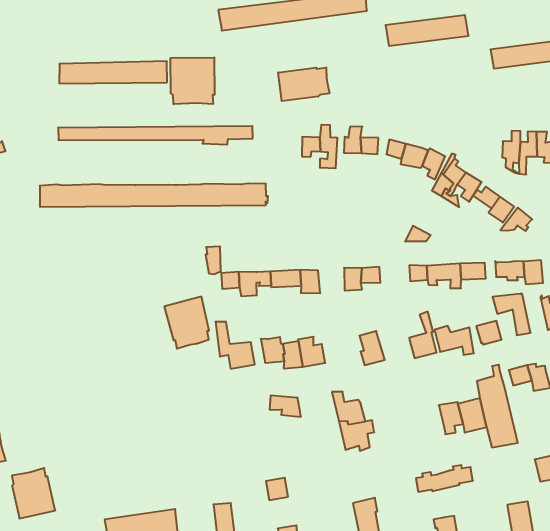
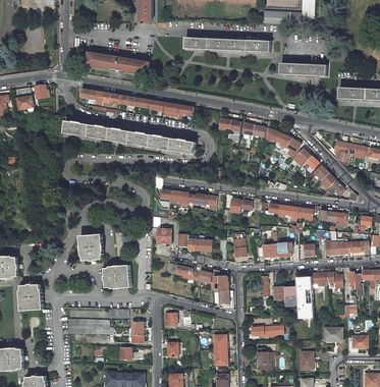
building: [171,57,215,104] -> none
building: [278,67,329,101] -> none
building: [164,297,209,349] -> [78,233,102,261]
building: none -> [103,265,130,288]

